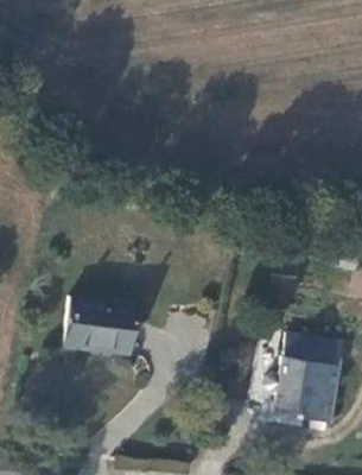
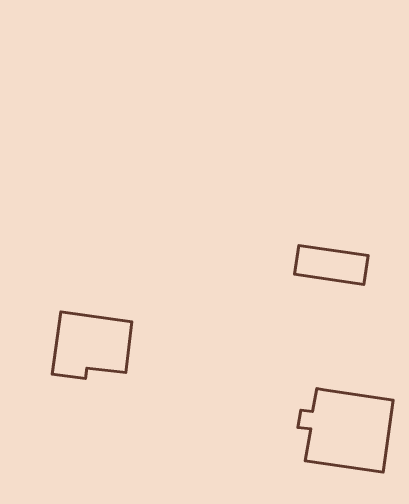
building: [284,335,344,367] -> [294,245,368,284]

